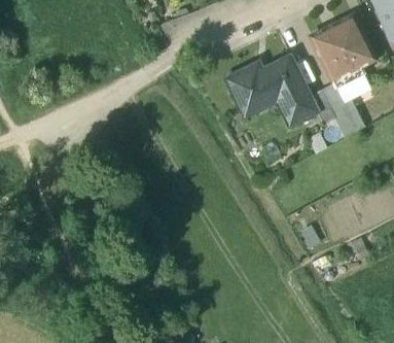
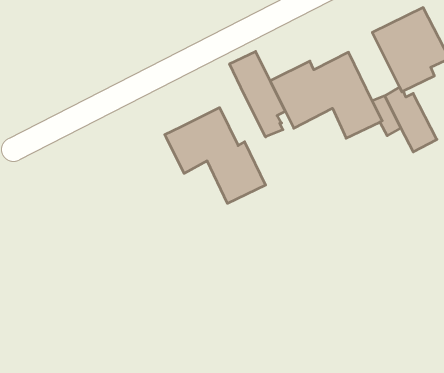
building: none -> [230,51,285,137]
building: none -> [165,108,266,203]

